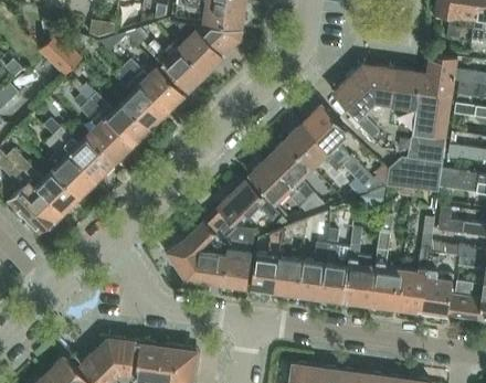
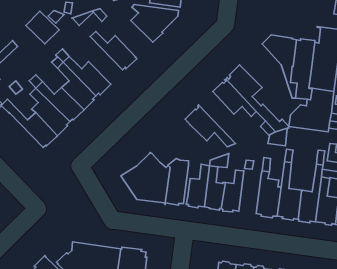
building: [146,41,207,93] -> none
building: [115,66,167,129] -> none
building: [335,76,391,148] -> none
building: [267,139,325,208] -> none
building: [10,167,62,234] -> none
building: [205,180,281,240] -> none
building: [320,244,350,302] -> none

